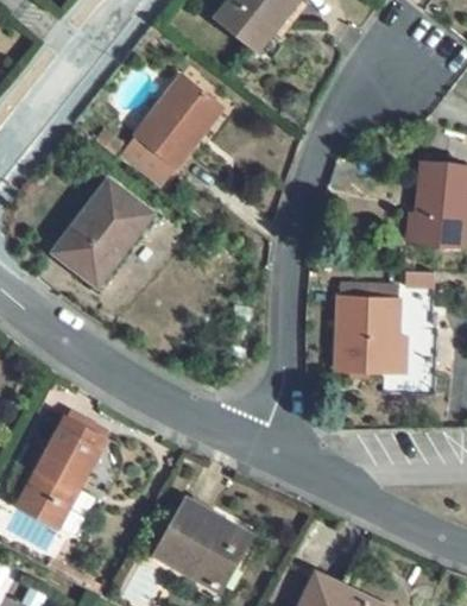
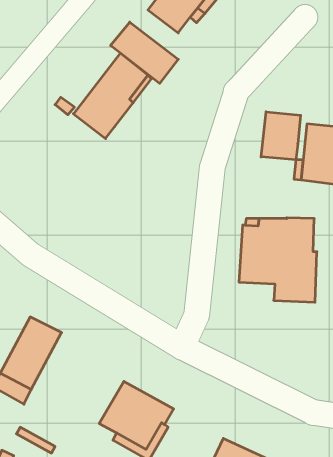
building: none -> [111,22,178,83]
building: none -> [261,112,301,160]
building: [53,181,150,284] -> none

